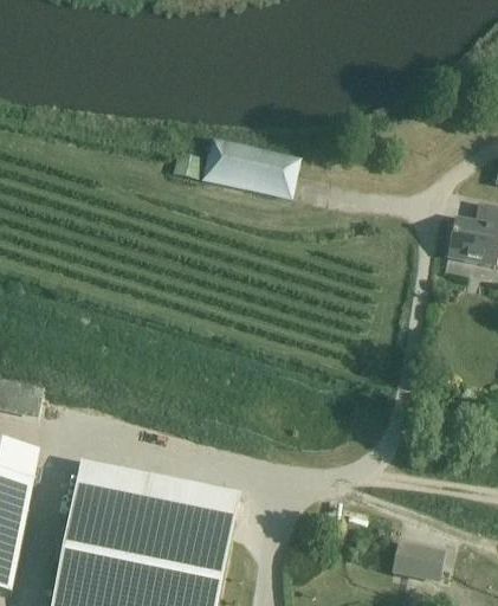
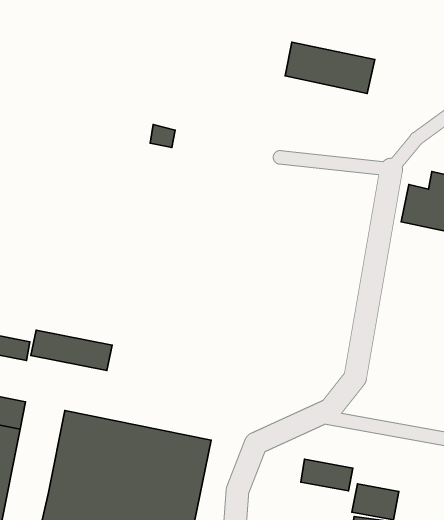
building: [201,142,298,198] -> [285,42,375,93]
building: none -> [31,330,112,370]
building: none -> [301,459,353,491]

